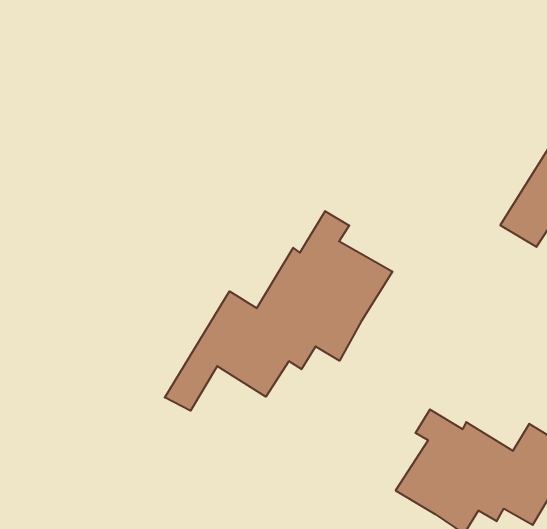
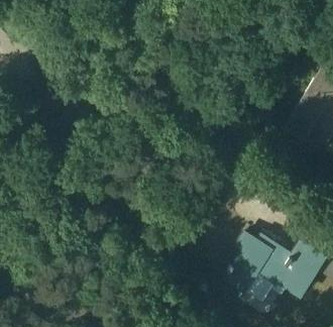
building: [165,211,392,411] -> none

